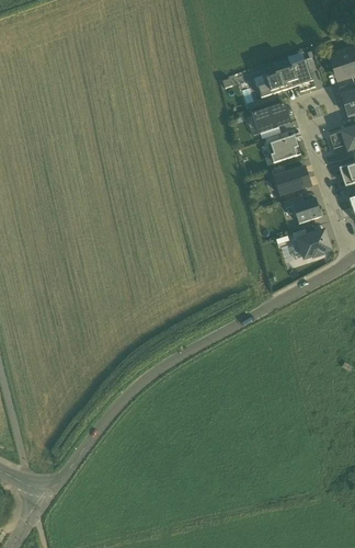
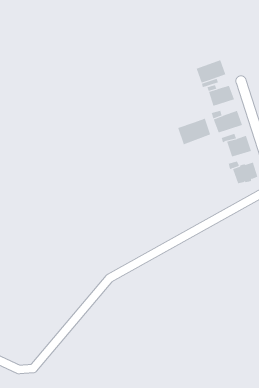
building: [257,58,316,96] -> none
building: none -> [177,118,211,145]

